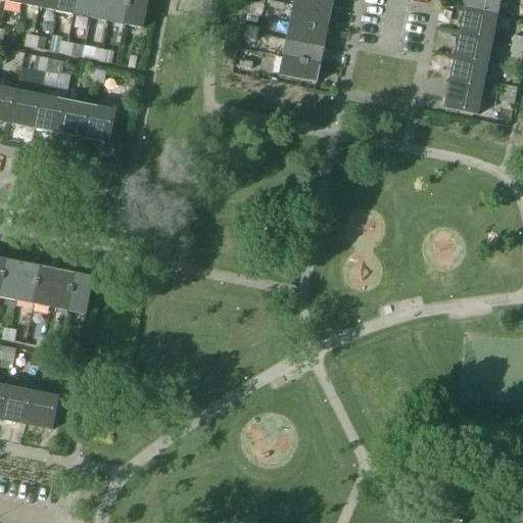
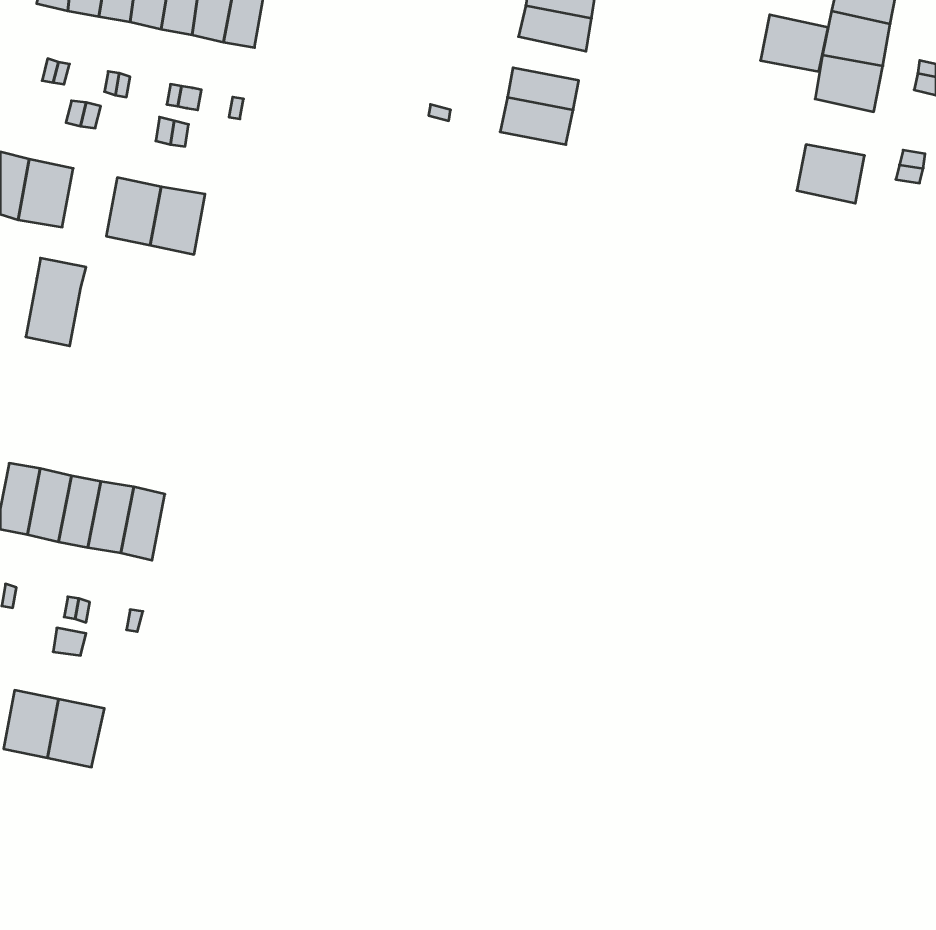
building: [286,20,327,45] -> none
building: [449,55,487,87] -> [760,15,828,71]
building: [35,83,68,132] -> [26,258,86,346]

